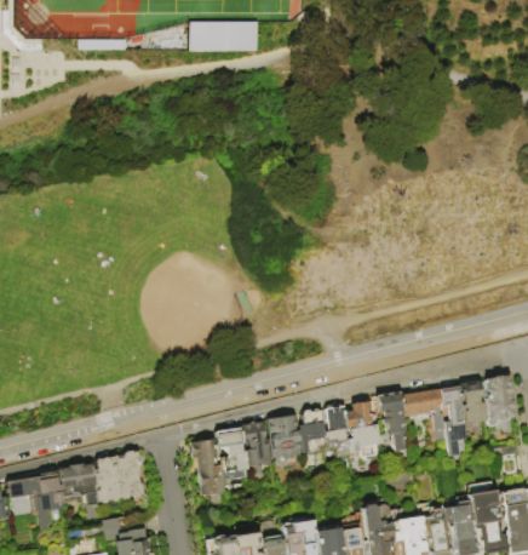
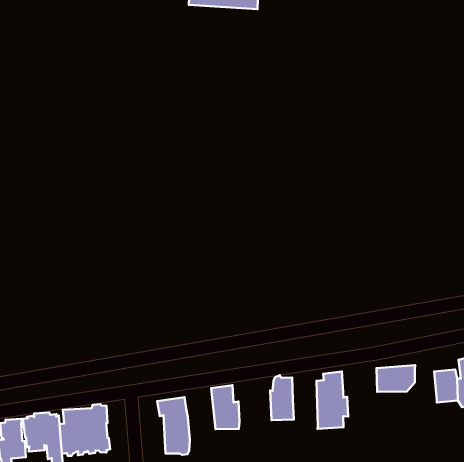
building: [434,388,466,457] -> none
building: [375,390,406,451] -> none
building: [322,405,349,458] -> none
building: [266,413,303,464] -> none
building: [214,427,248,479] -> none

